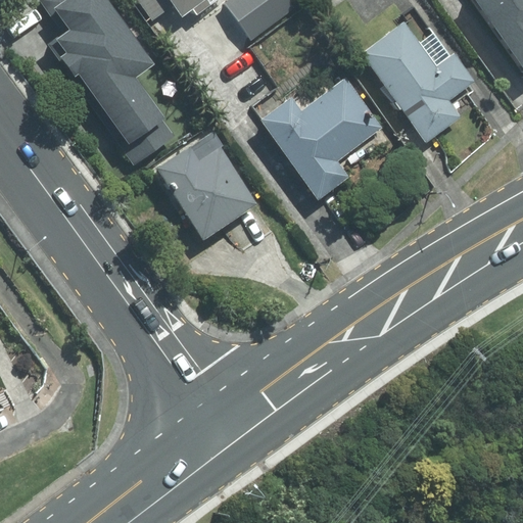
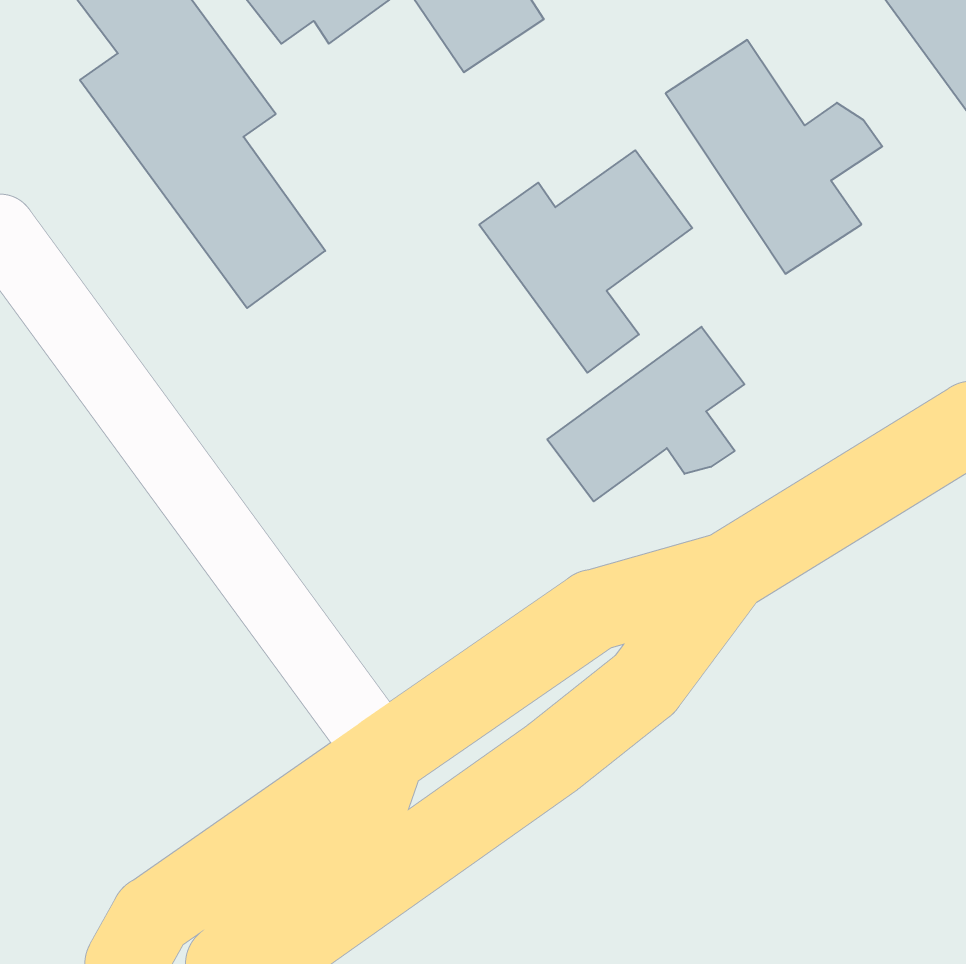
building: [155,128,262,238] -> none
building: none -> [547,327,744,501]

